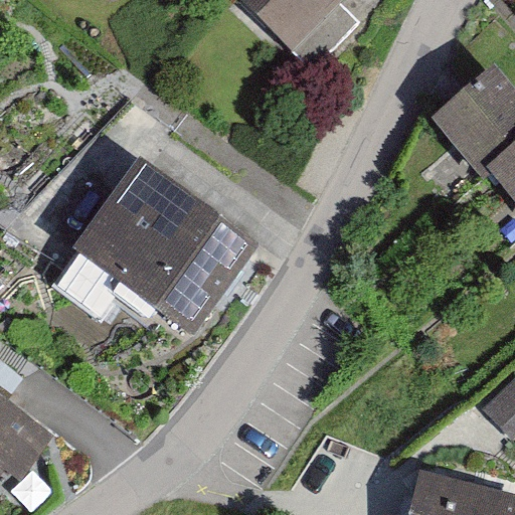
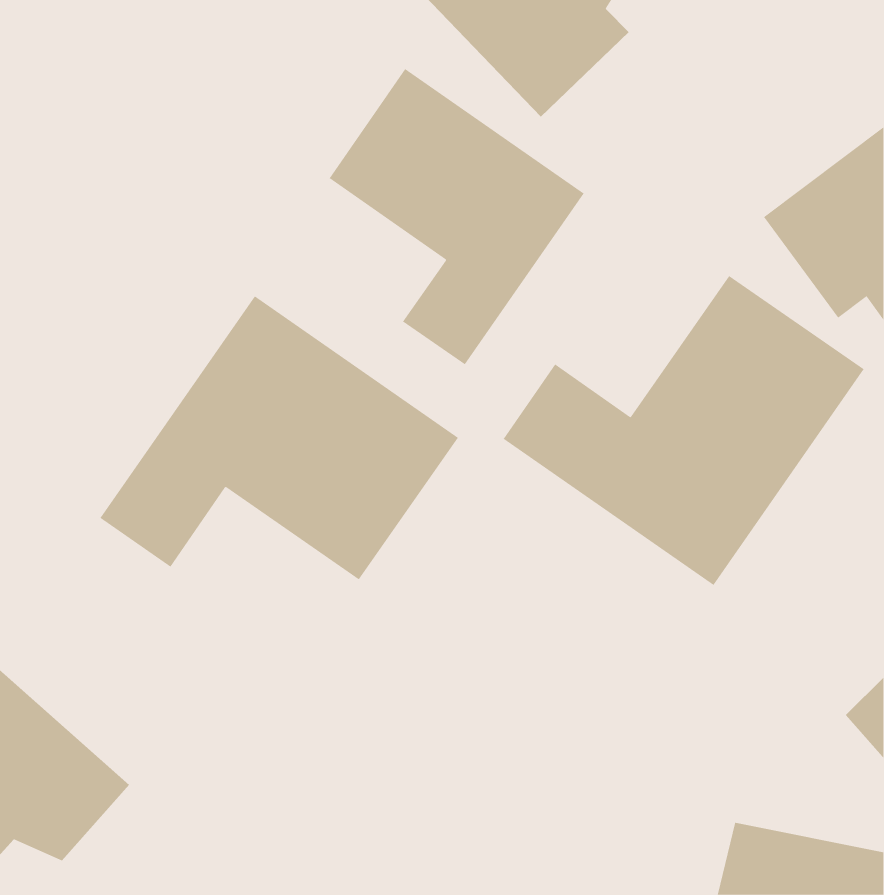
building: none -> [329,68,585,365]
building: none -> [503,275,864,586]

